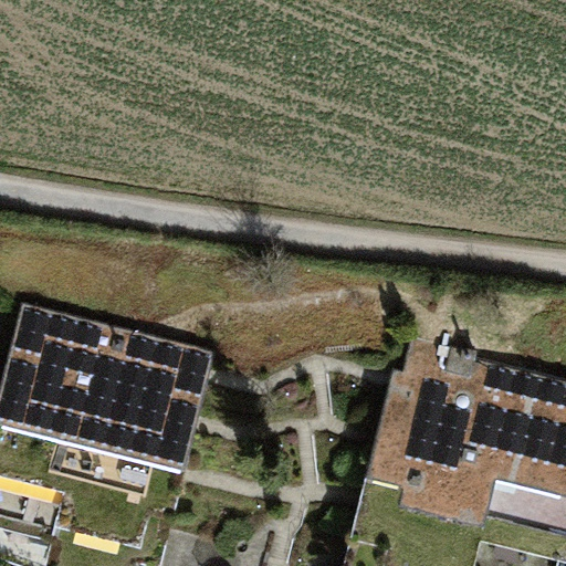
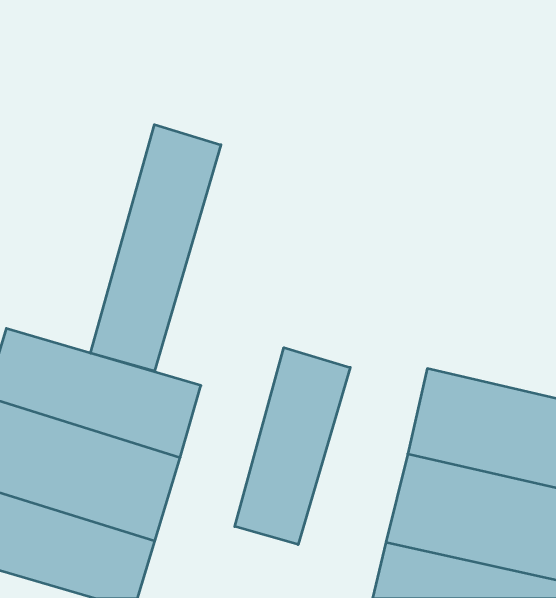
building: none -> [91,125,221,371]
building: none -> [235,348,350,545]

